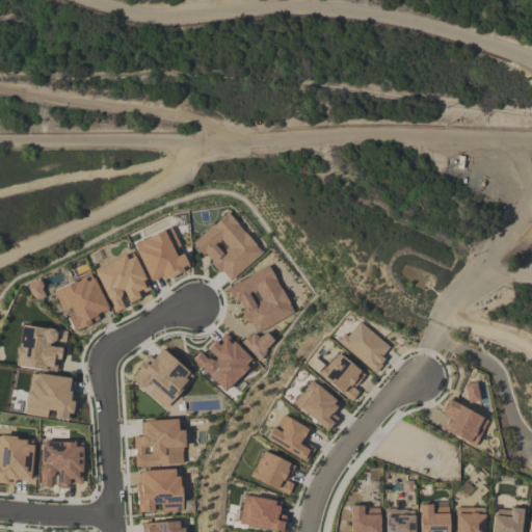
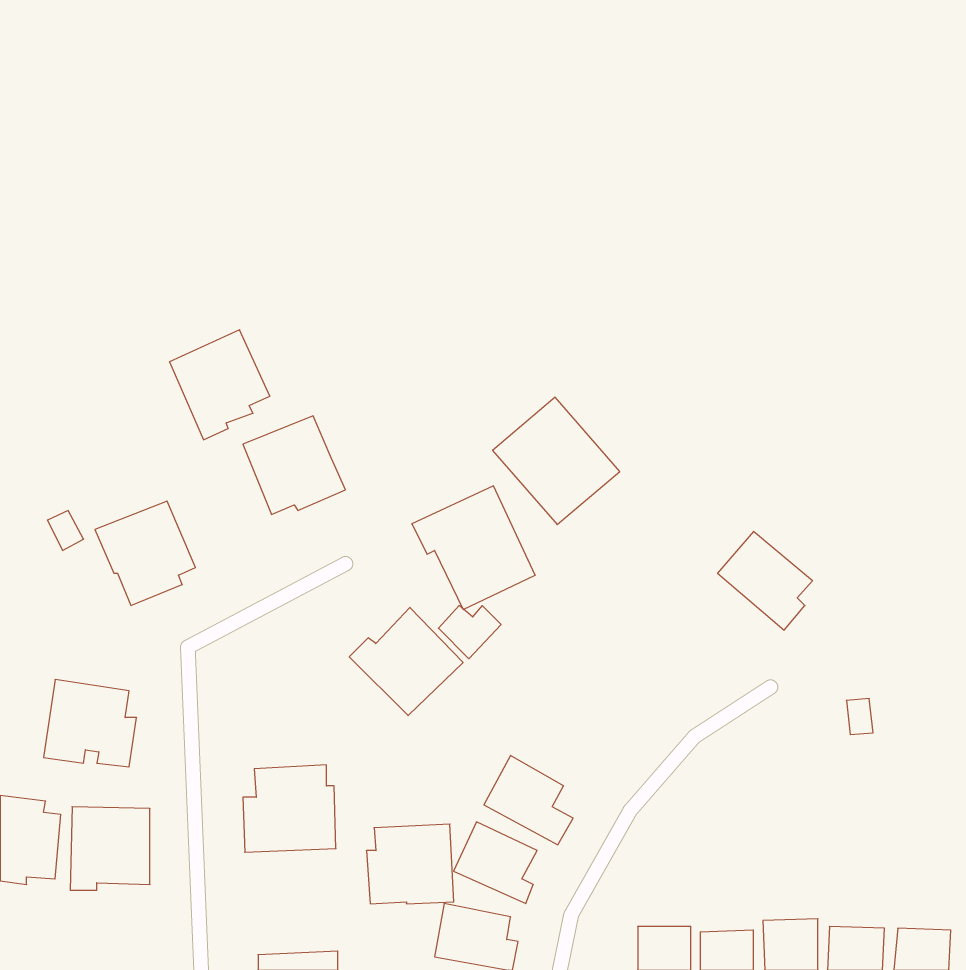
building: [194,213,264,283] -> [493,397,620,525]
building: [96,252,151,313] -> [169,330,270,440]
building: [339,320,391,374] -> [718,531,812,630]
building: [17,325,69,372] -> none
building: [132,349,194,407] -> none
building: [319,352,365,402] -> none
building: [294,380,341,431] -> none
building: [442,402,488,446] -> none
building: [137,469,185,512] -> [366,824,454,904]

